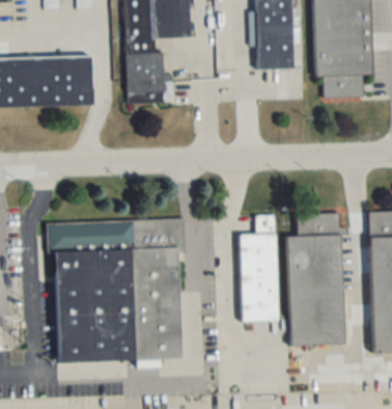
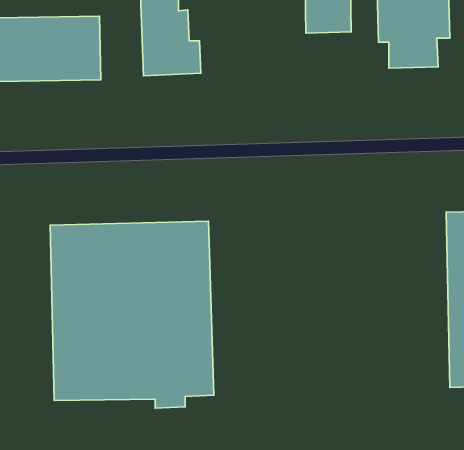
building: [239,214,343,345] -> none

